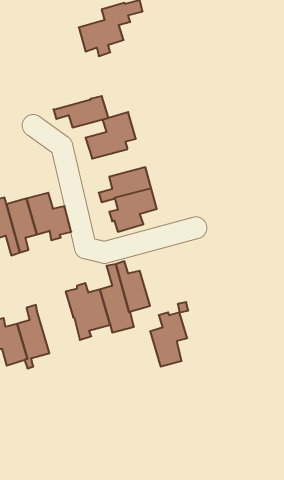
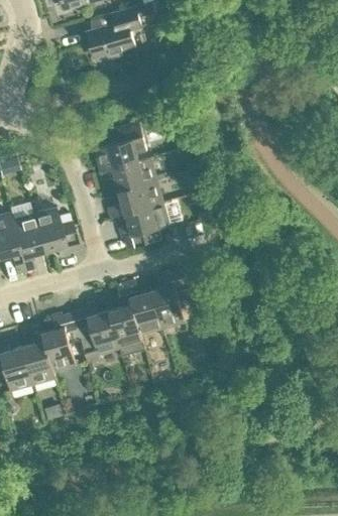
building: [53,96,109,127] -> [99,158,157,191]
building: none -> [42,313,81,372]
building: [150,312,187,367] -> [151,271,191,329]

